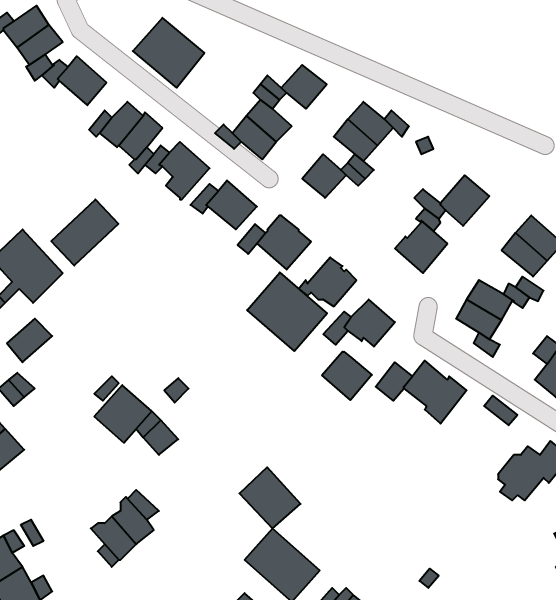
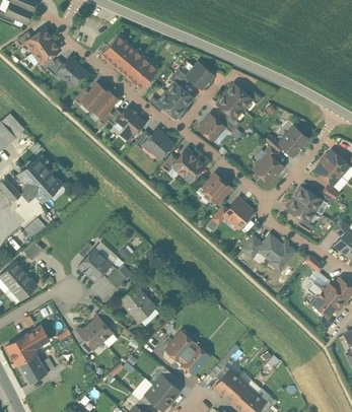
building: none -> [126,56,158,89]
building: [51,199,118,266] -> none
building: [247,272,327,351] -> none
building: [322,352,372,400] -> none
building: [239,467,301,528] -> [119,285,154,321]

